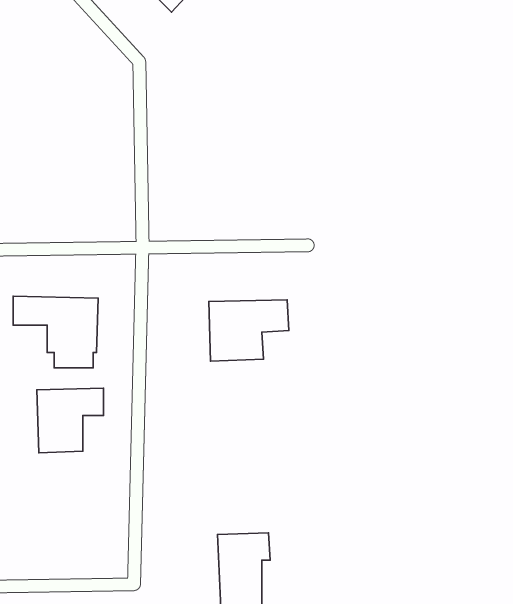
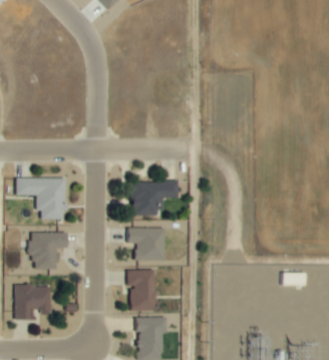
building: none -> [128,228,166,262]
building: none -> [127,270,156,311]
building: none -> [15,283,51,320]

